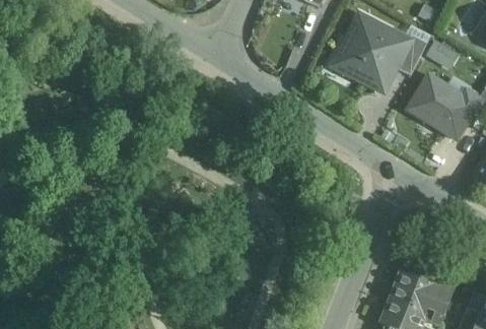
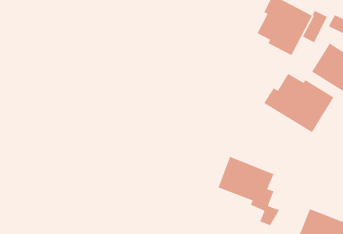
building: none -> [263,73,334,133]
building: none -> [217,156,280,226]

